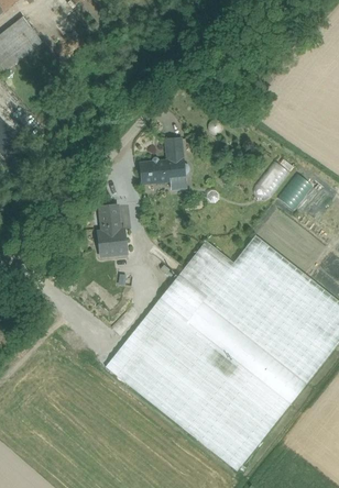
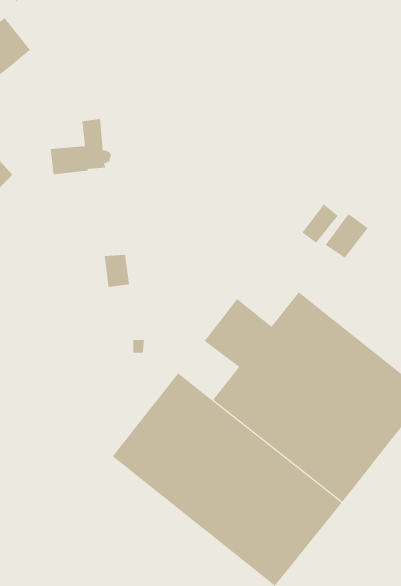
building: [140,138,189,184] -> [50,119,112,175]
building: [98,230,127,256] -> none
building: [158,275,207,322] -> none

